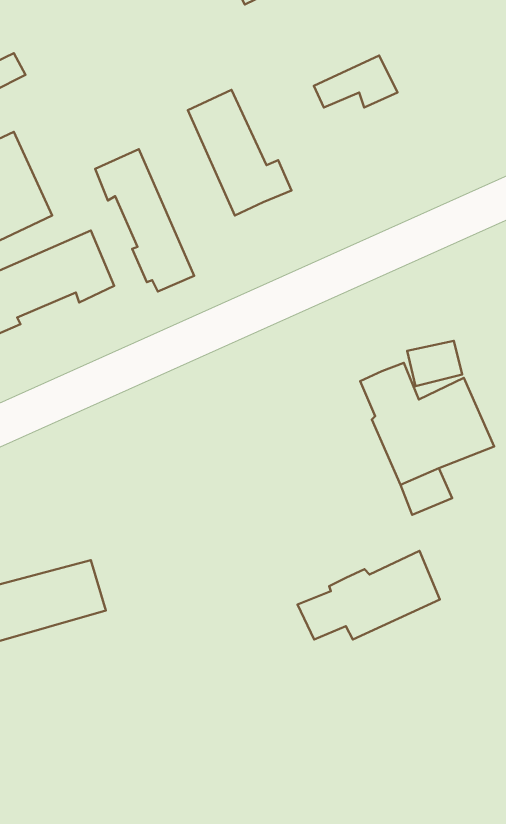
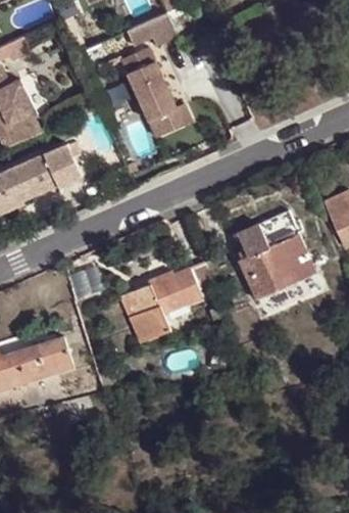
building: [314,56,398,107] -> [123,7,174,39]
building: [95,149,194,291] -> none
building: [297,551,440,640] -> [134,274,220,328]

